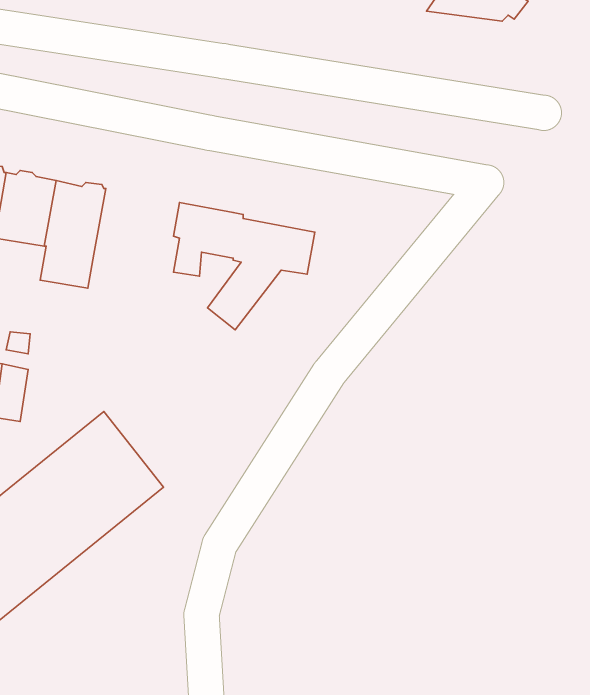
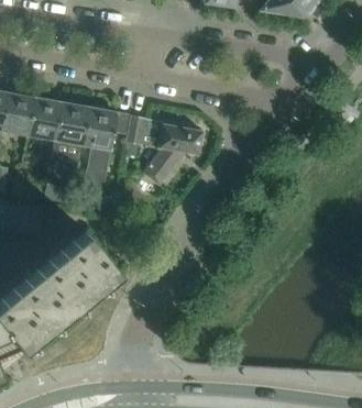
building: none -> [80,107,128,194]

